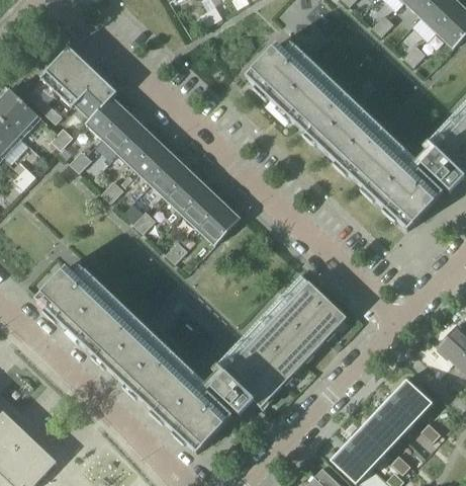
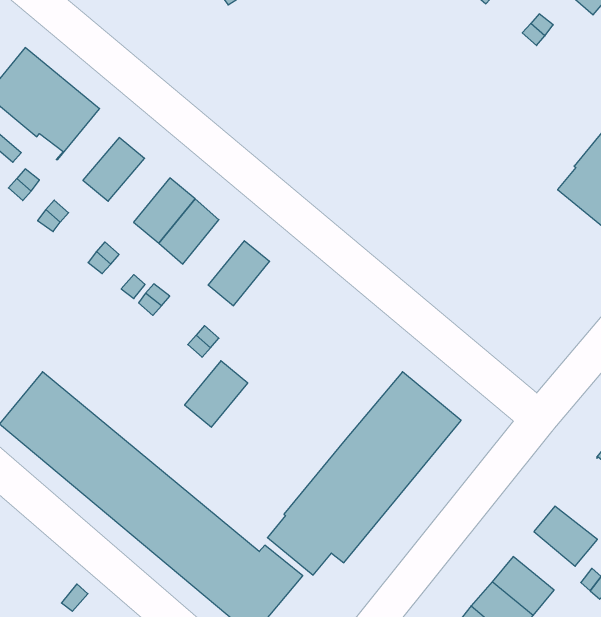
building: [245,43,443,230] -> none
building: [85,90,127,138] -> none
building: [117,126,160,168] -> none
building: [165,170,207,214] -> none
building: [197,200,241,245] -> [185,361,248,427]
building: [375,394,416,434] -> none

